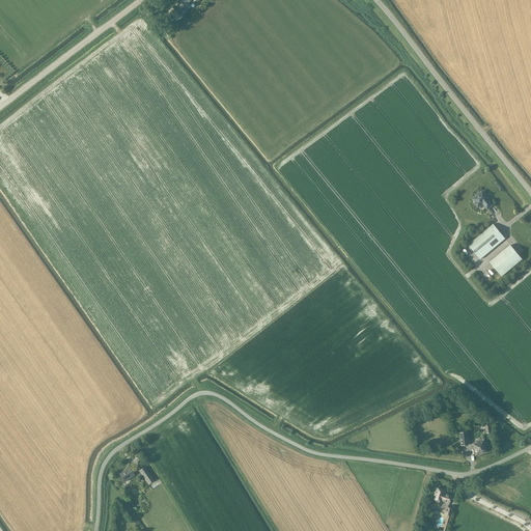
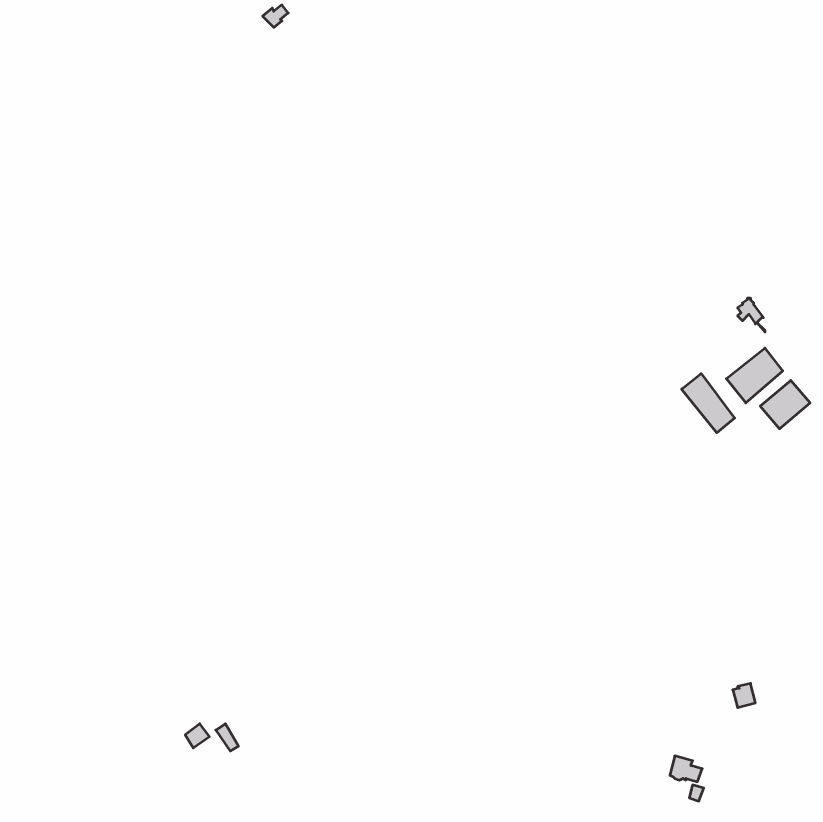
building: none -> [682,374,735,433]

